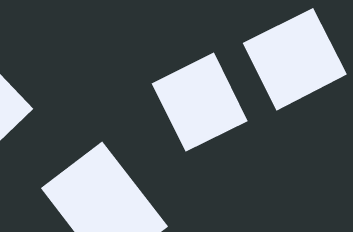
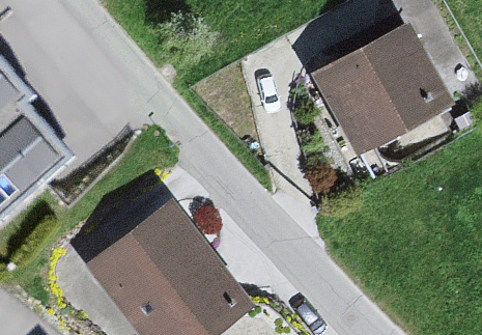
building: [151,51,248,153] -> none

